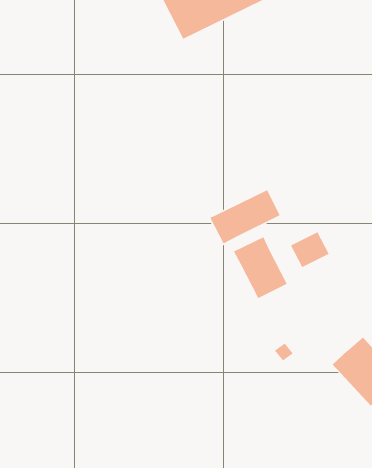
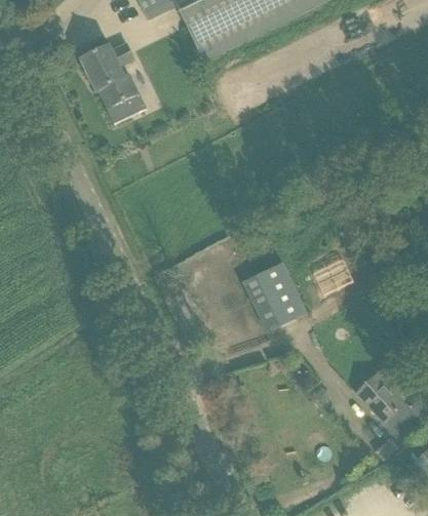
building: none -> [79,42,143,122]
building: [209,189,281,245] -> none

